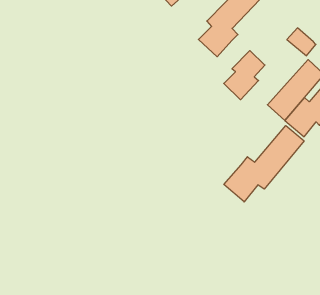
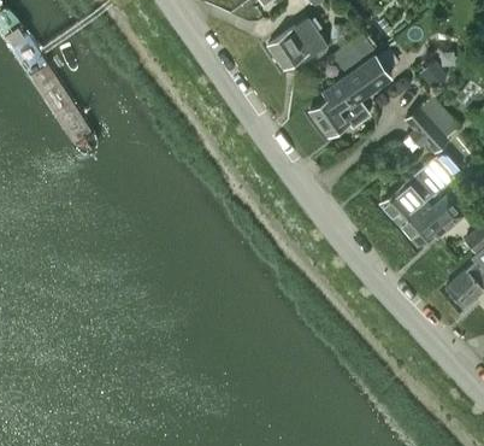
building: [224,51,265,100] -> none
building: [224,126,304,202] -> none

